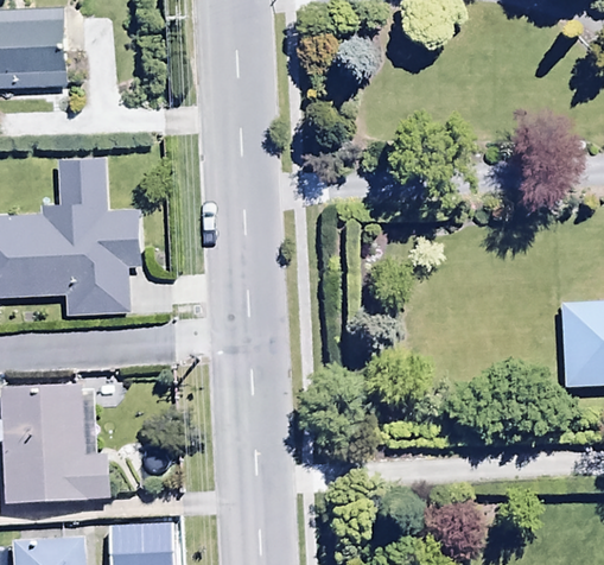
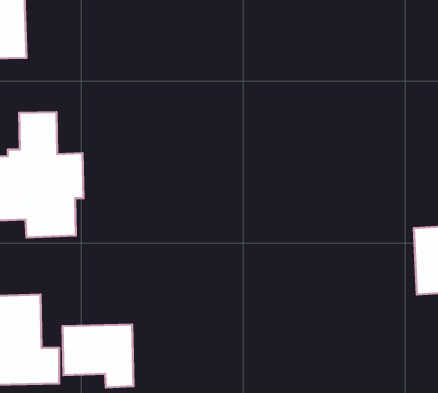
building: none -> [63,324,134,387]

